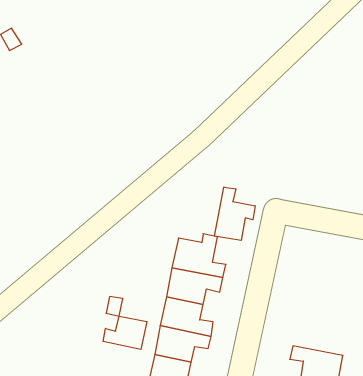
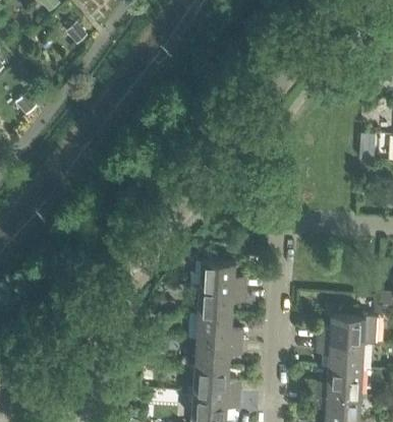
building: [215,187,255,240] -> none
building: [103,316,147,349] -> none
building: none -> [318,314,366,344]

